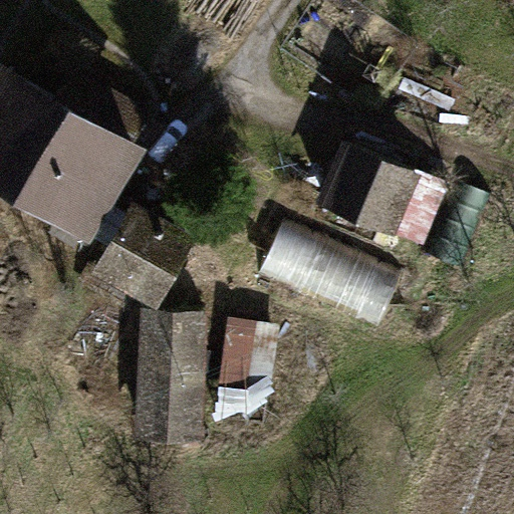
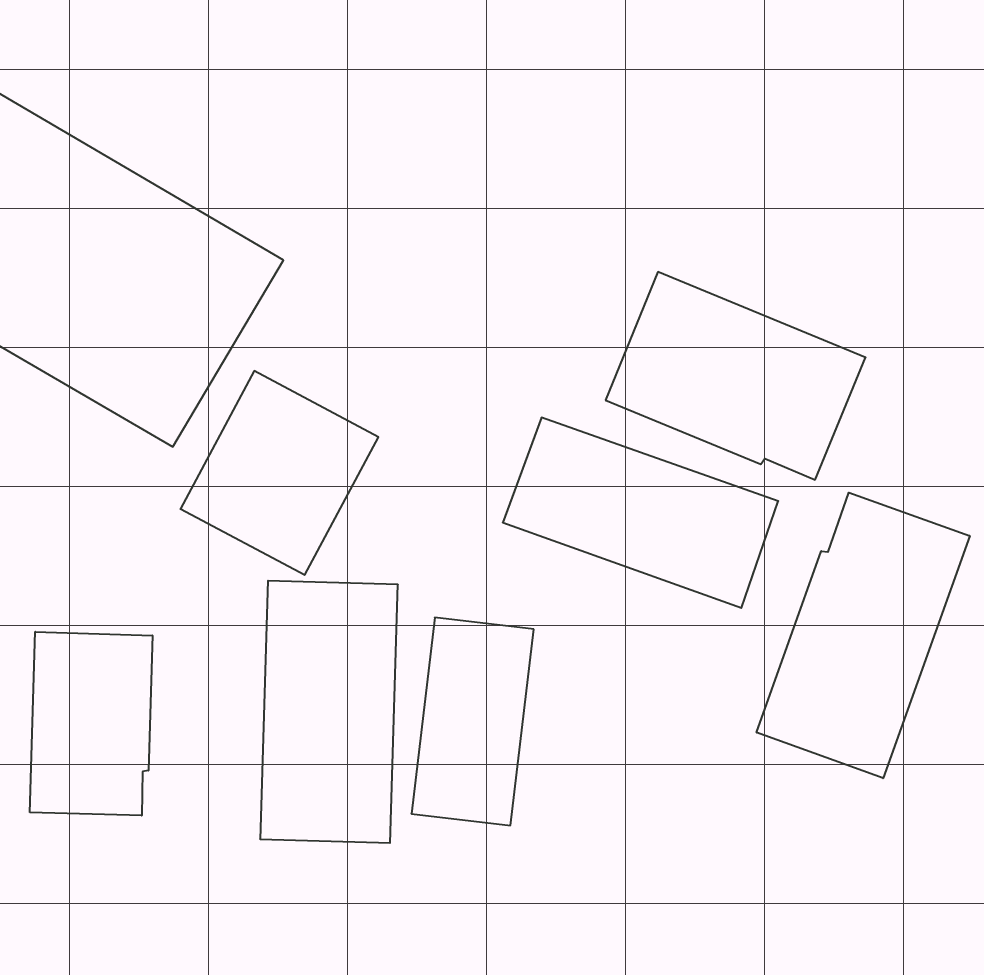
building: none -> [757,493,970,778]
building: none -> [30,632,152,816]

